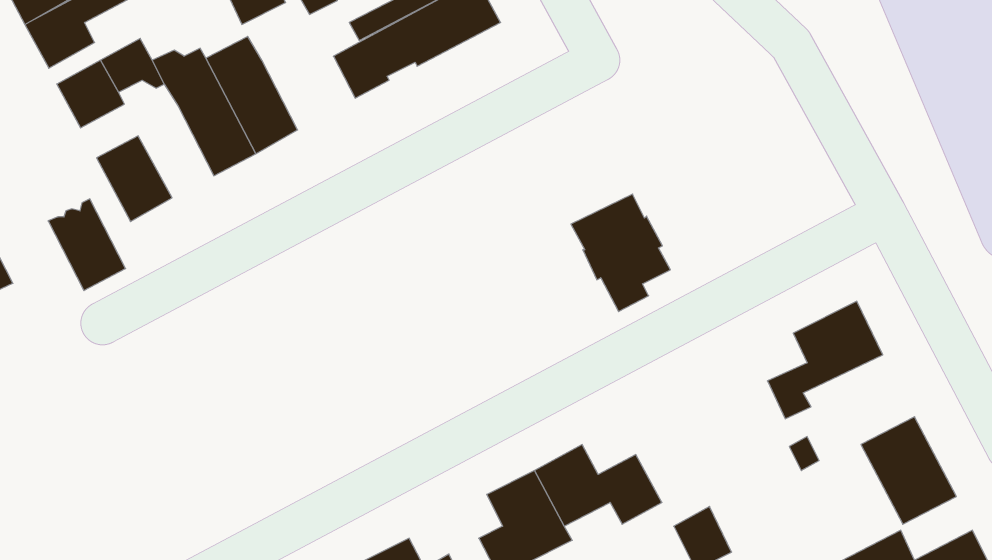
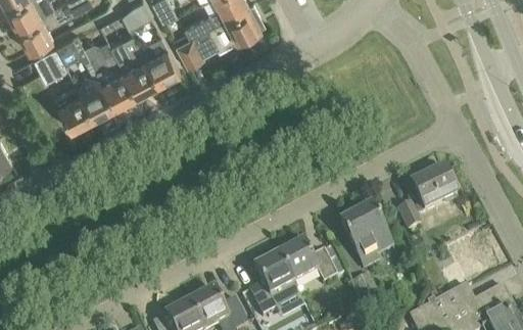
building: none -> [137,37,179,84]
building: [571,194,670,312] -> [338,209,389,270]
building: [48,199,126,291] -> [73,72,112,119]

